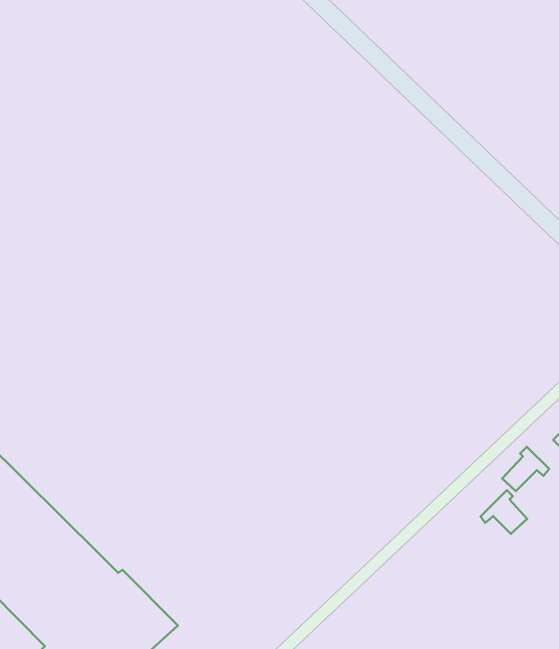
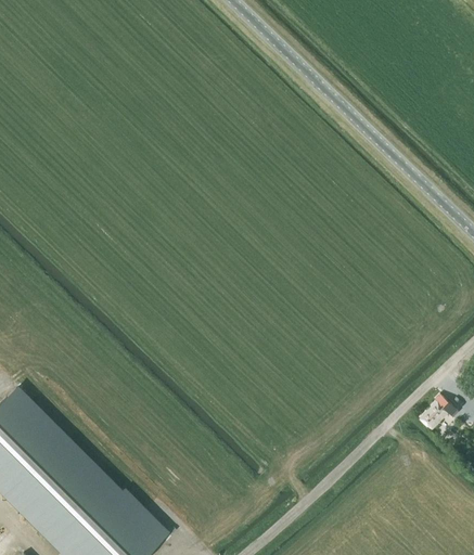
building: [480,490,527,534] -> none

